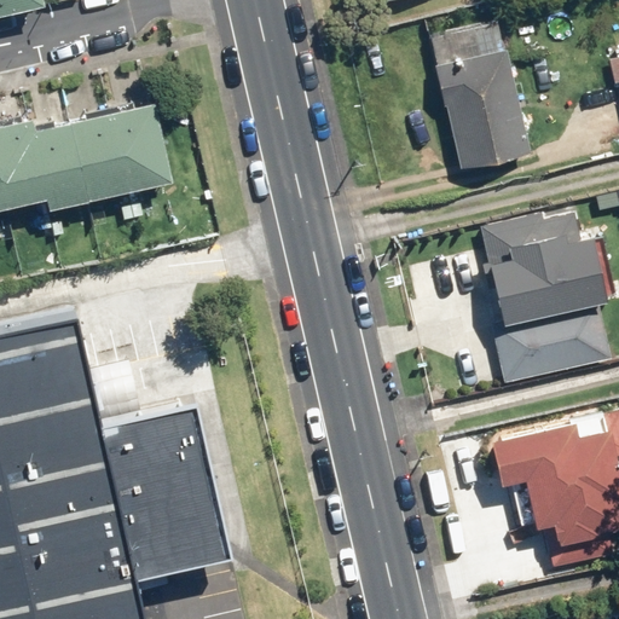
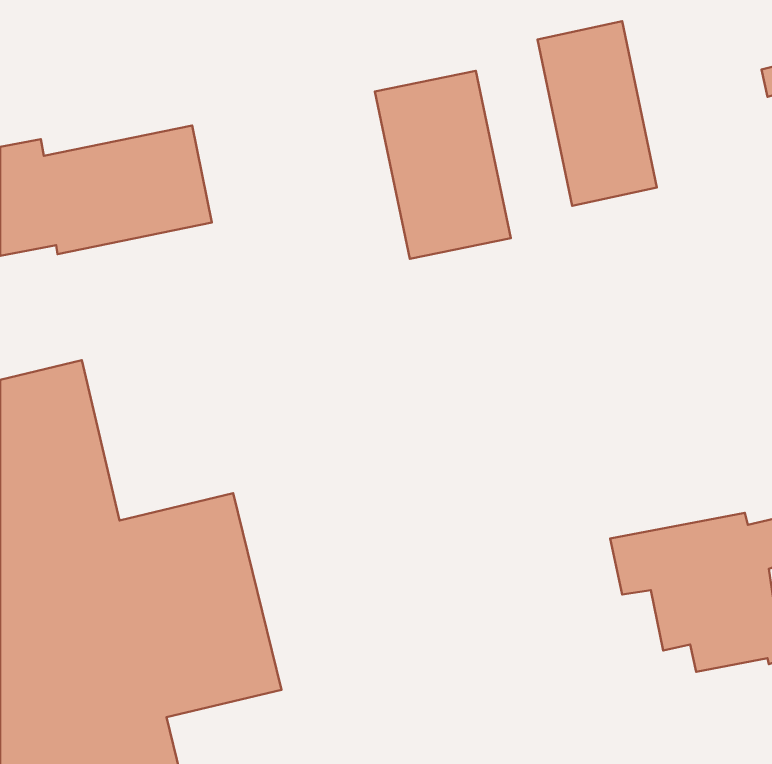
building: none -> [375,71,511,259]
building: [482,215,613,387] -> none

